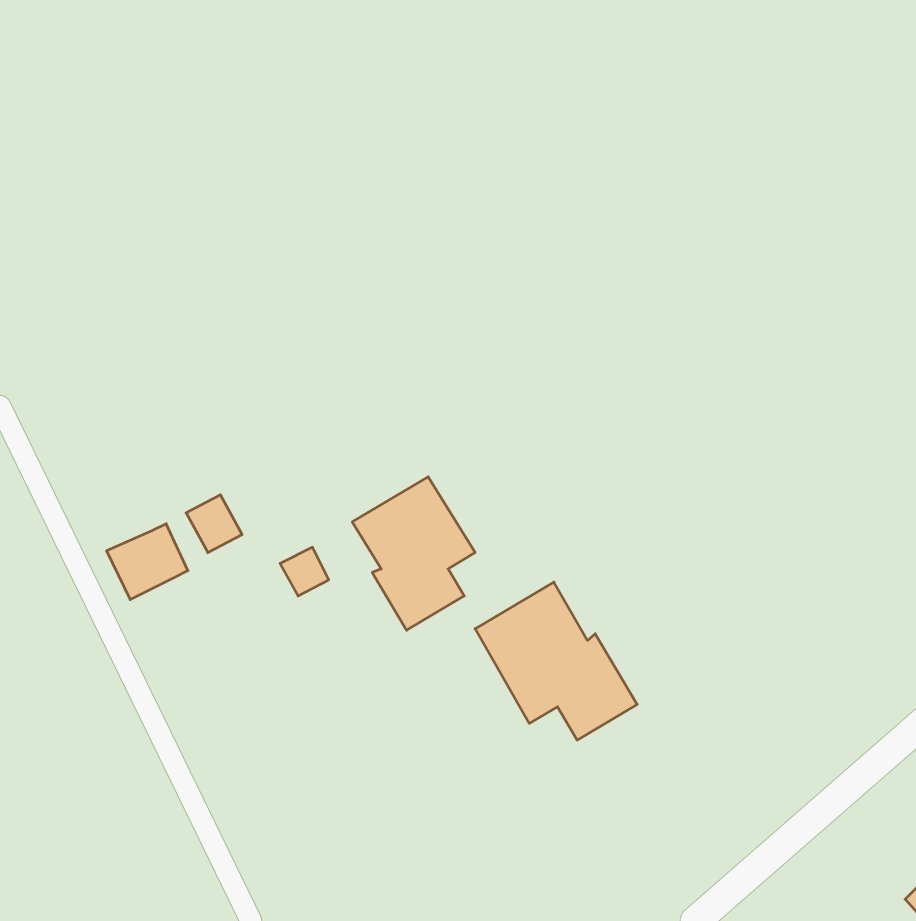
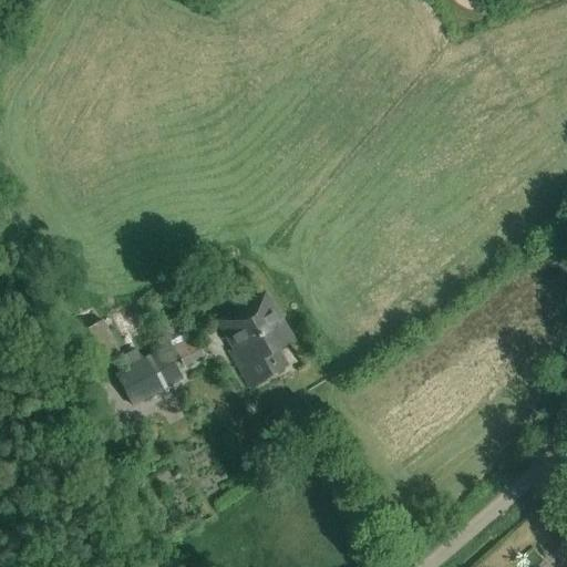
building: none -> [115,346,185,406]
building: [475,582,637,740] -> none

